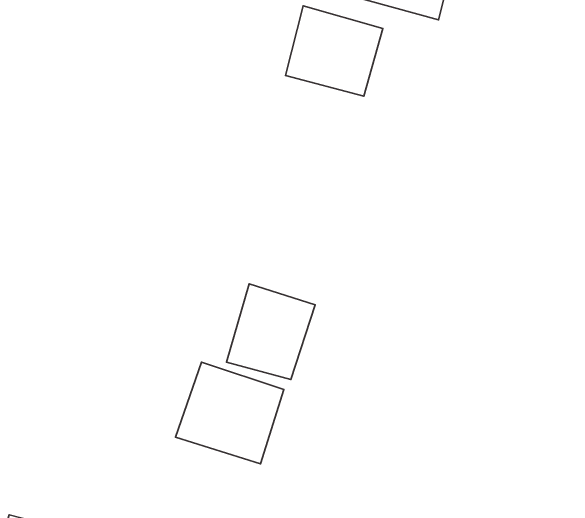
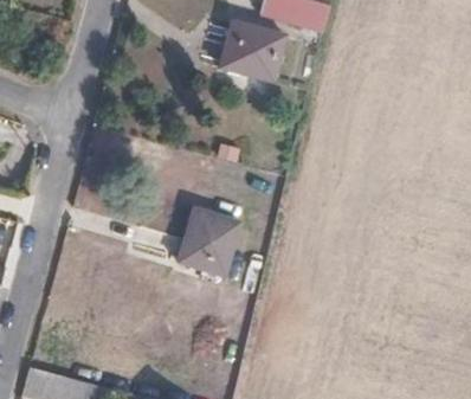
building: [176,362,284,464] -> none

